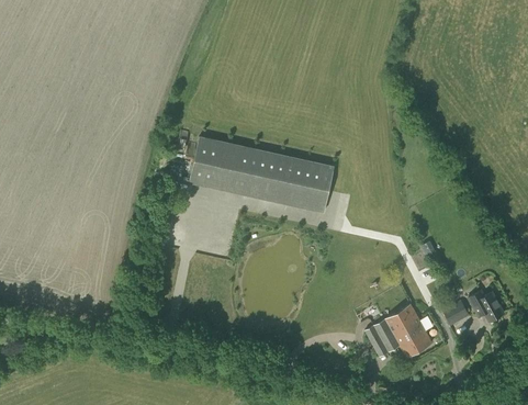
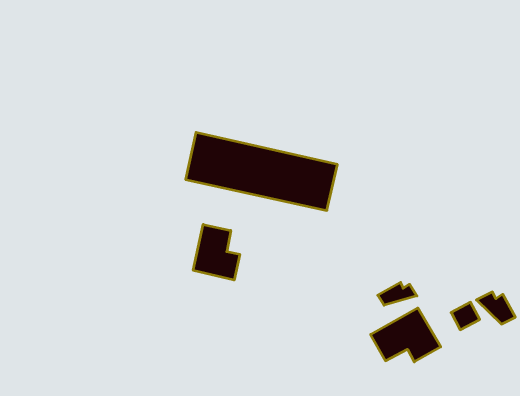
building: none -> [193,224,240,280]
building: none -> [378,282,417,305]

